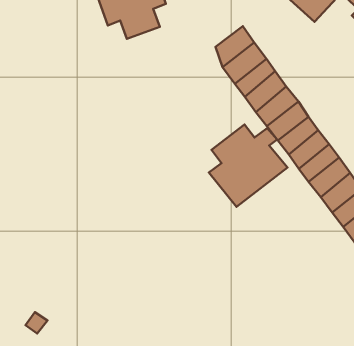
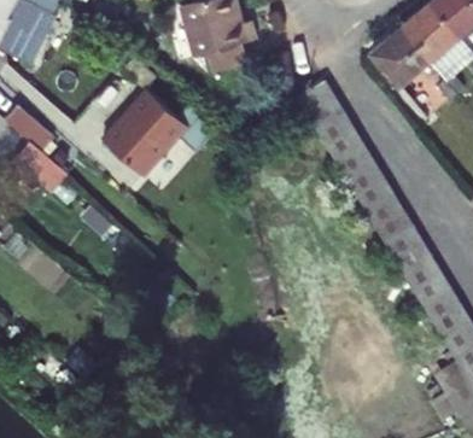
building: none -> [100,90,186,176]
building: [209,124,287,207] -> none

